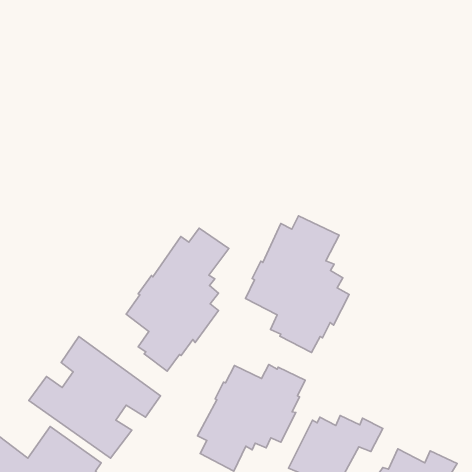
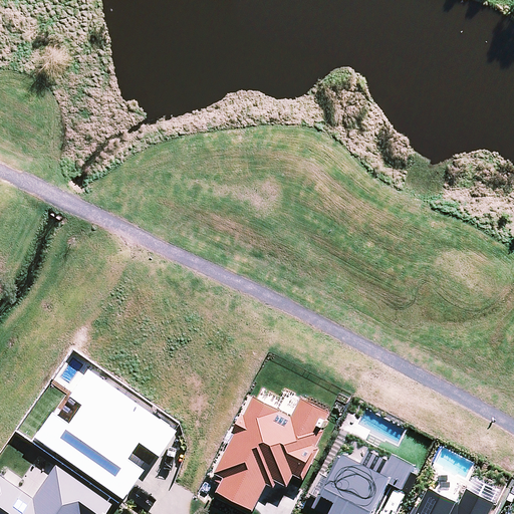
building: [246,216,349,353] -> none
building: [126,228,229,371] -> none

